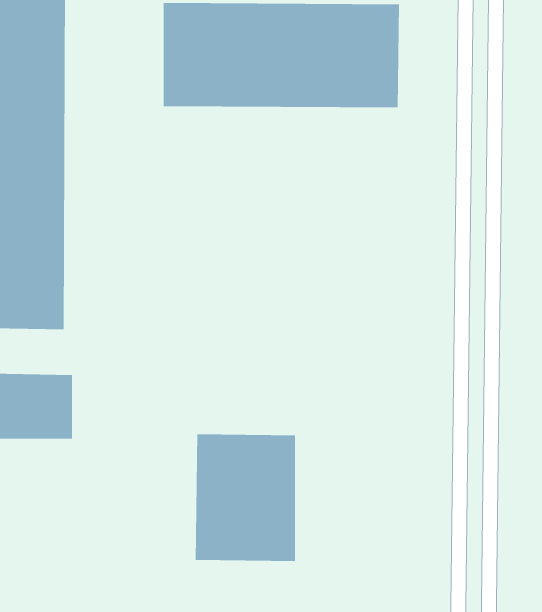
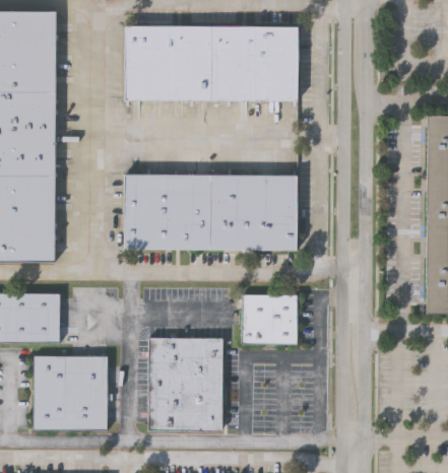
building: none -> [122,174,296,249]
building: none -> [244,293,298,342]
building: none -> [35,356,109,428]

